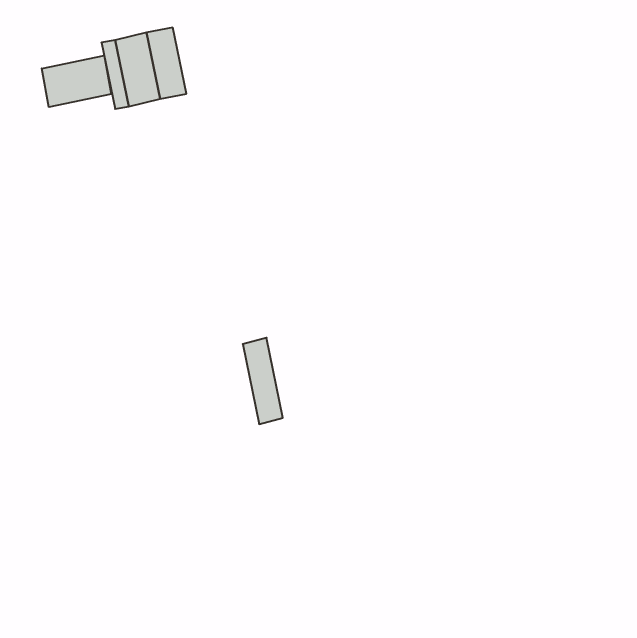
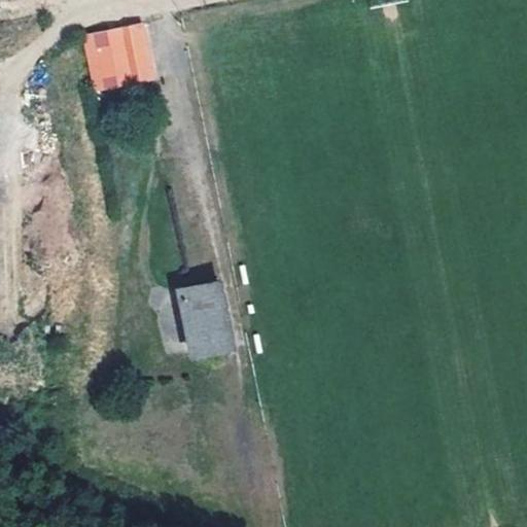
building: [42,56,111,107] -> none
building: none -> [179,284,213,354]

